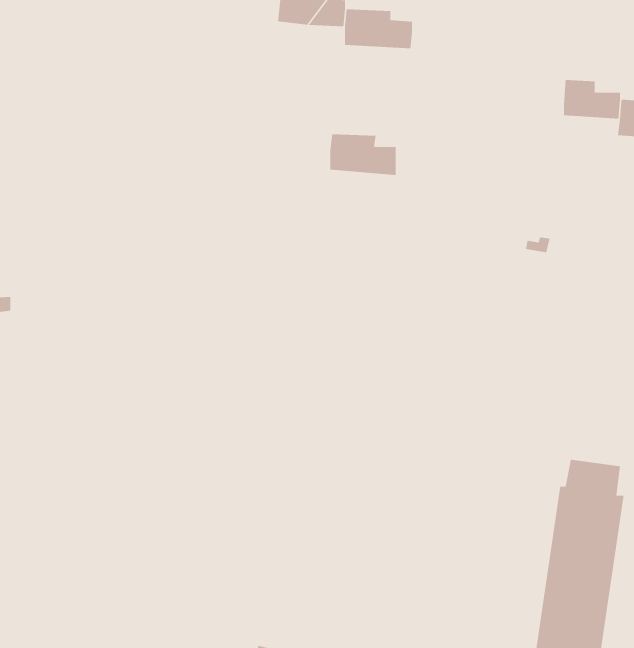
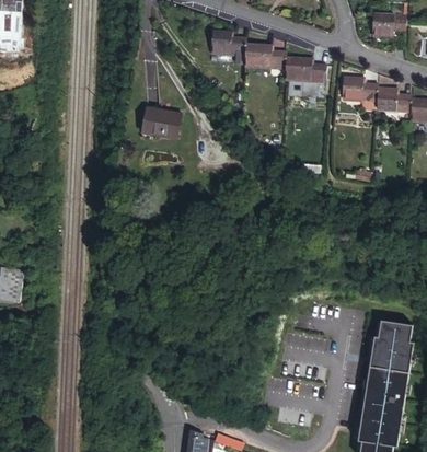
building: none -> [344,78,379,113]
building: none -> [137,101,177,134]
building: [330,134,397,175] -> [285,59,325,84]

